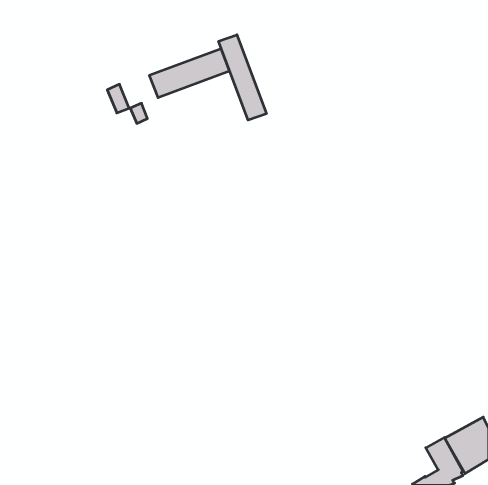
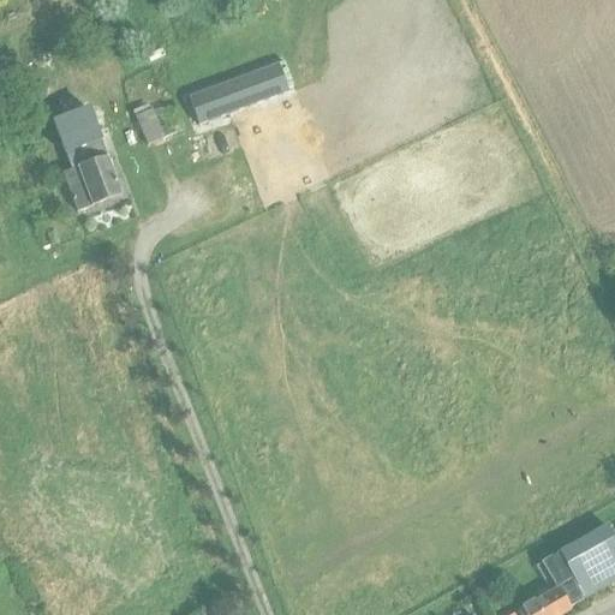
building: [219,35,266,120] -> none
building: none -> [54,106,123,209]

